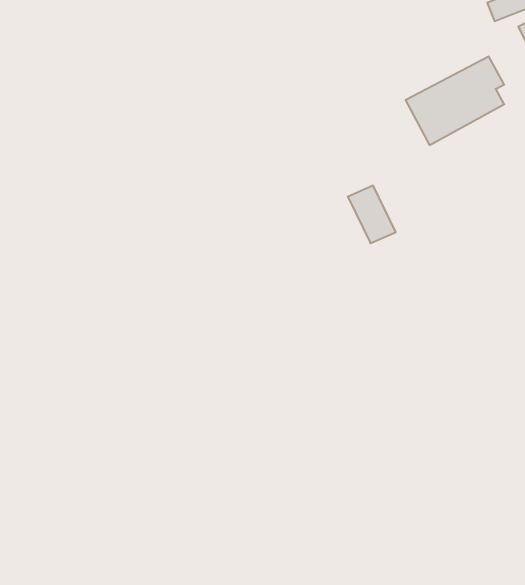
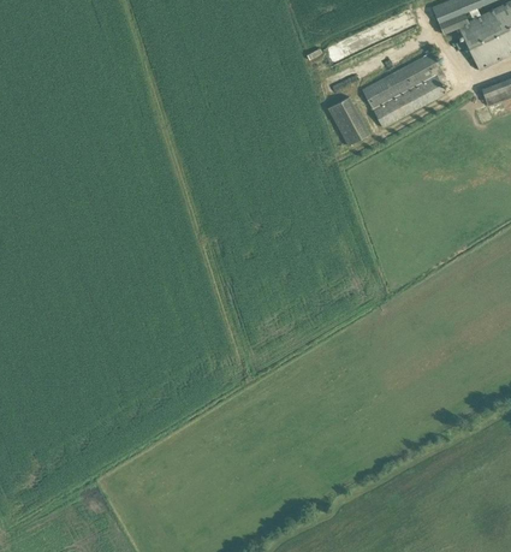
building: [348,186,396,243] -> [326,95,367,144]

